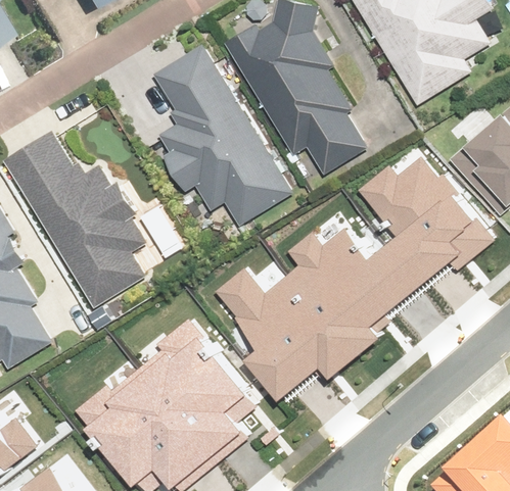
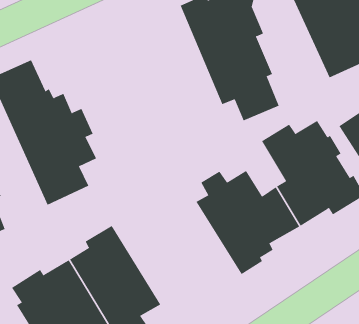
building: [157,46,295,226] -> none
building: [208,272,347,404] -> none

